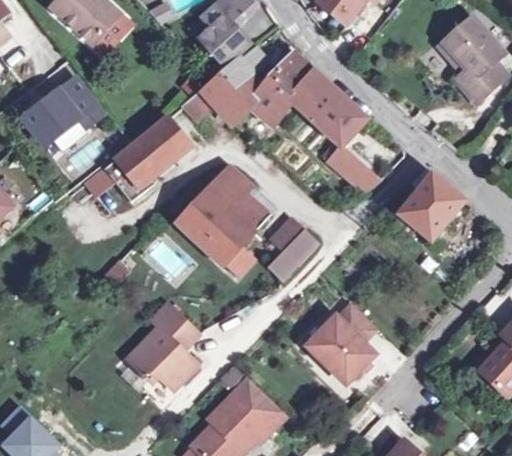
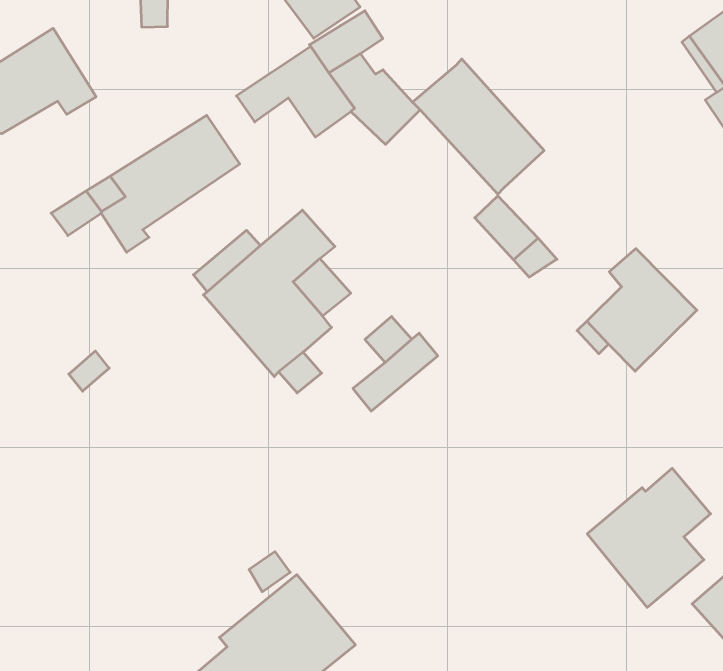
building: [264,53,309,98] -> none
building: [126,303,198,391] -> none
building: [306,303,376,385] -> [587,468,711,607]

